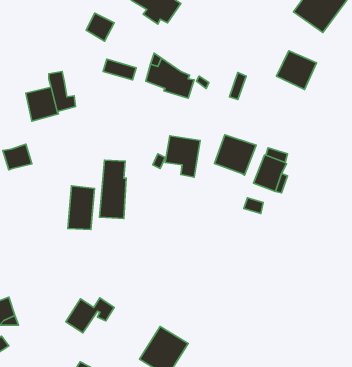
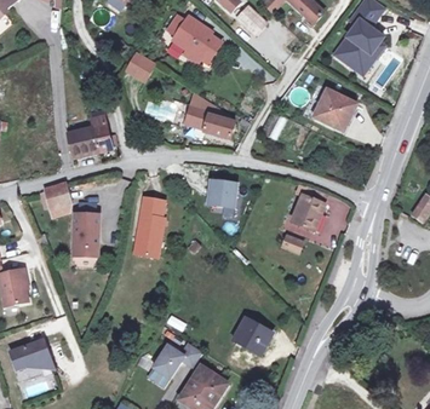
building: [215,135,256,175] -> none
building: [68,186,95,230] -> [71,214,98,258]
building: none -> [233,317,271,352]
building: [66,298,114,333] -> [153,342,201,378]

